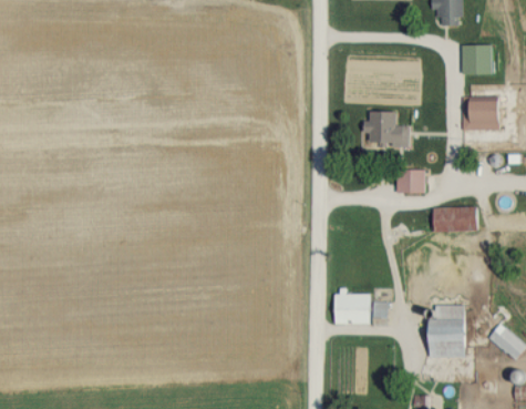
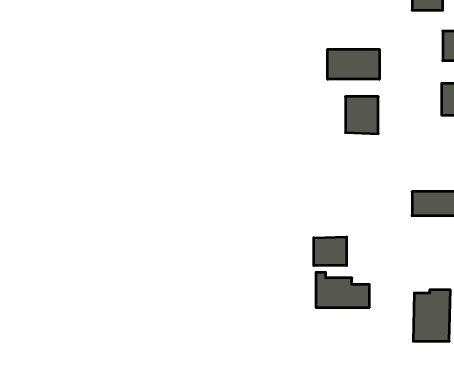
building: none -> [328,49,379,79]
building: [396,168,424,192] -> none
building: none -> [314,237,347,266]

